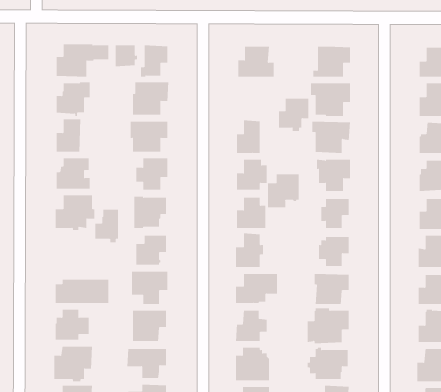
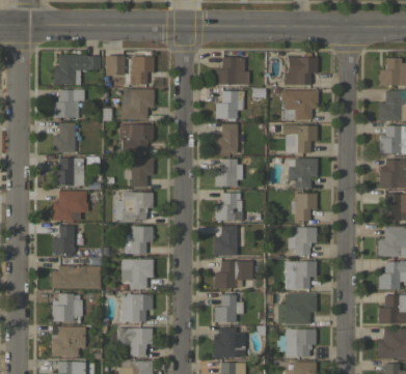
building: [278,98,309,131] -> [216,91,244,121]
building: [268,174,299,208] -> none
building: [94,209,119,243] -> [52,226,74,256]

